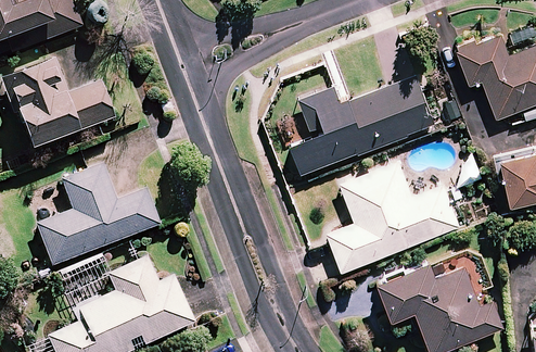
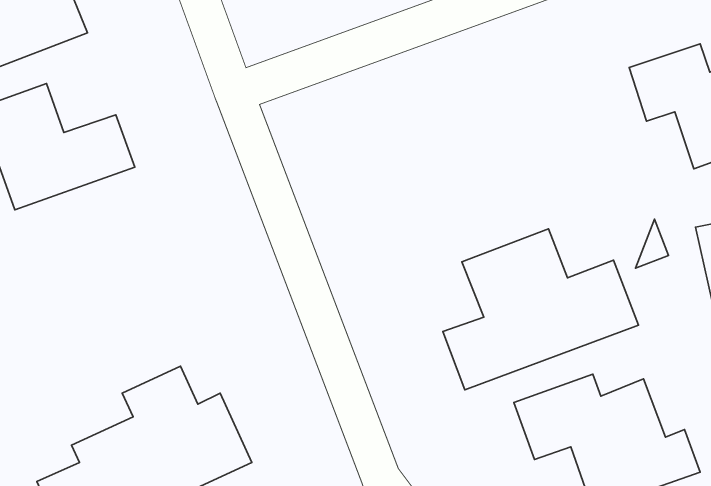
building: [285,76,435,178] -> none
building: [35,163,159,266] -> none

